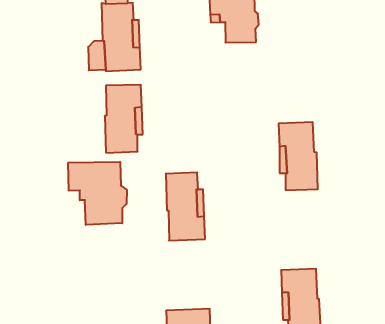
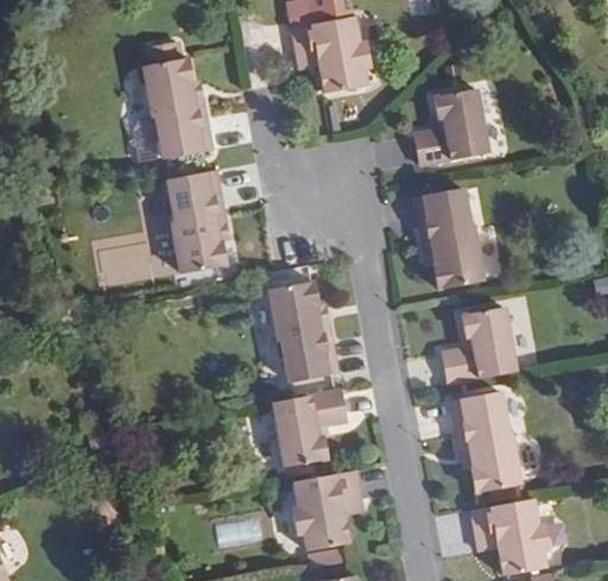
building: none -> [413,88,487,165]
building: [68,162,127,225] -> none
building: none -> [442,307,515,384]
building: none -> [272,390,346,466]

